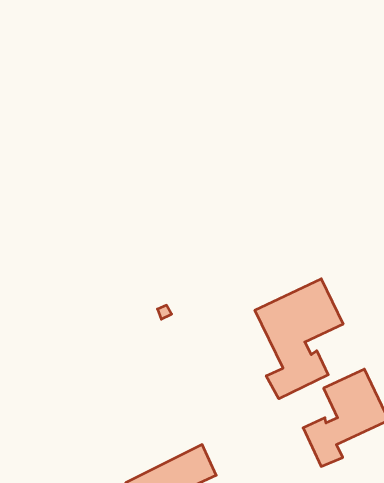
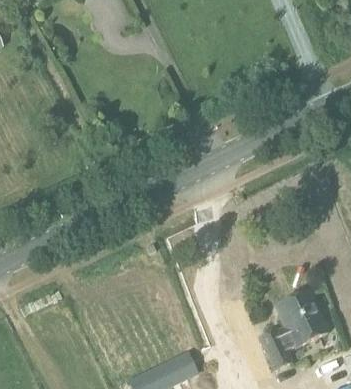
building: [255,279,343,399] -> none

